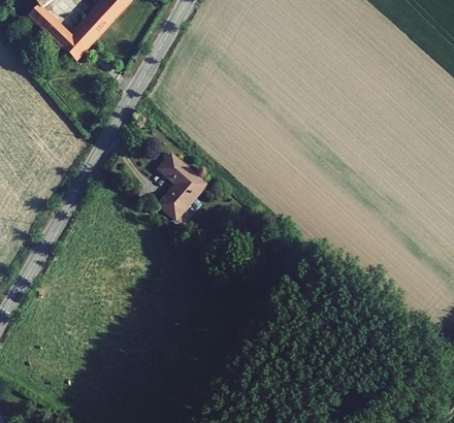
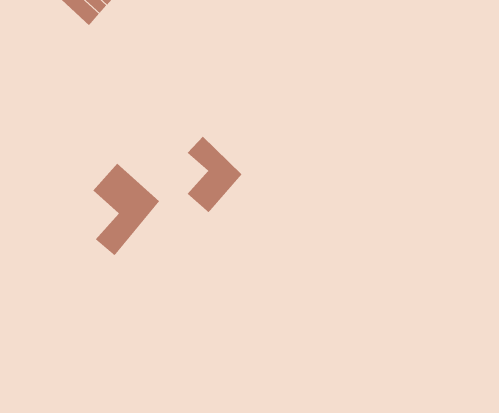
building: none -> [92,163,160,256]

